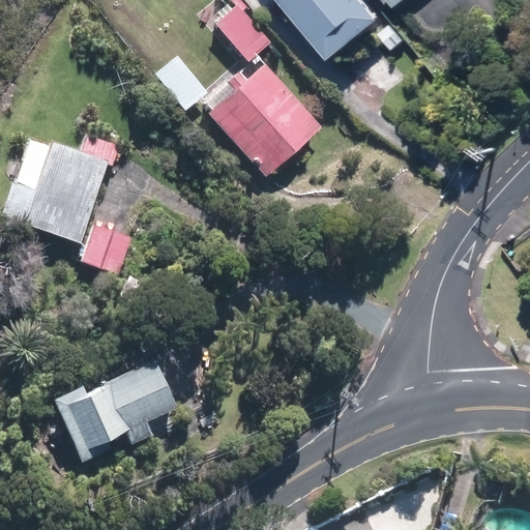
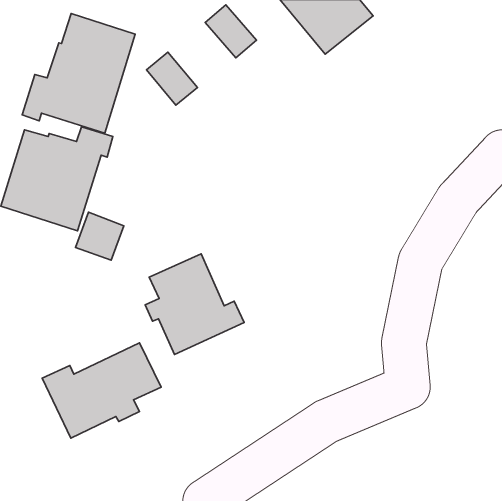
building: none -> [22,14,135,133]
building: [209,62,323,178] -> none
building: none -> [145,254,244,354]

